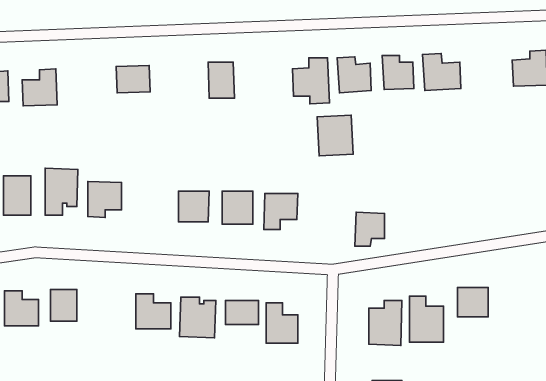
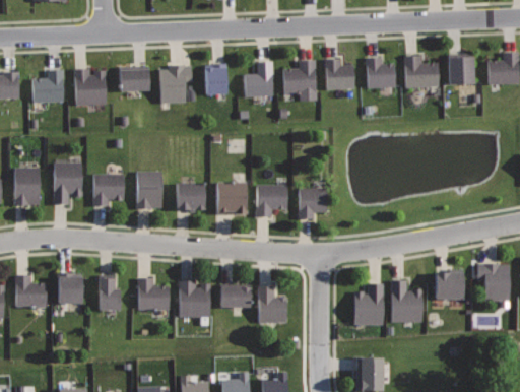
building: none -> [448,53,473,85]
building: none -> [244,61,273,97]
building: none -> [159,65,192,105]
building: none -> [74,69,107,106]
building: [317,115,353,156] -> none
building: none -> [137,172,162,209]
building: [355,212,385,246] -> [299,188,326,219]
building: none -> [478,264,510,302]
building: none -> [98,274,121,311]

